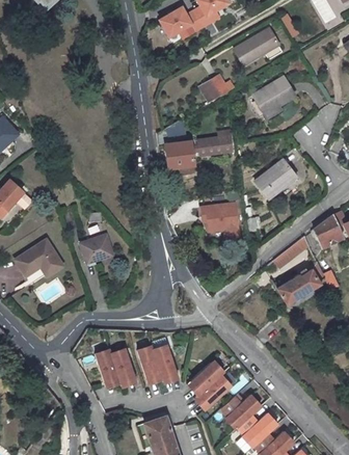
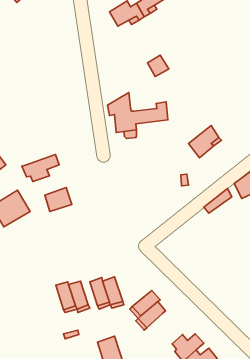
building: [238,30,281,66] -> none
building: [254,78,297,119] -> none
building: none -> [22,154,59,182]
building: [198,200,240,241] -> none
building: [276,262,324,304] -> none
building: [220,395,259,429] -> none

